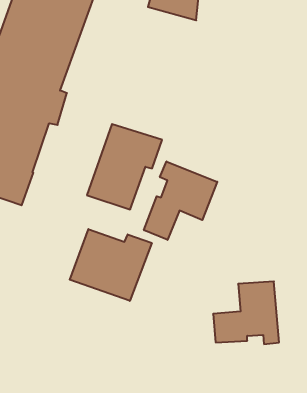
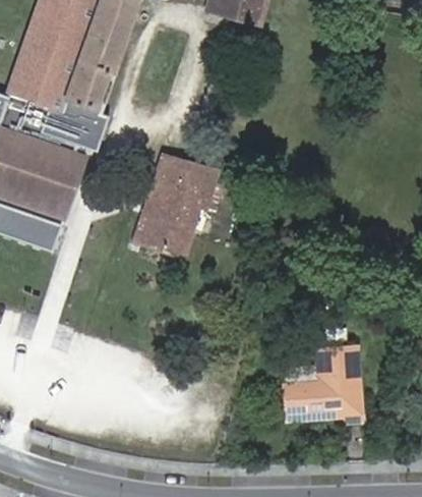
building: [144,161,217,240] -> none
building: [70,229,152,301] -> none

